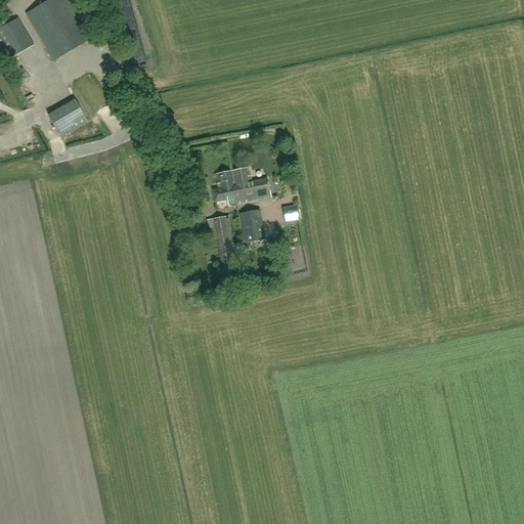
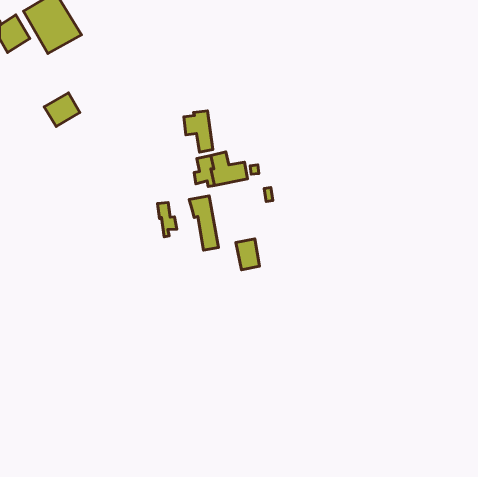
building: none -> [184,111,213,152]
building: [238,208,264,242] -> [236,239,259,270]
building: none -> [157,202,177,237]

